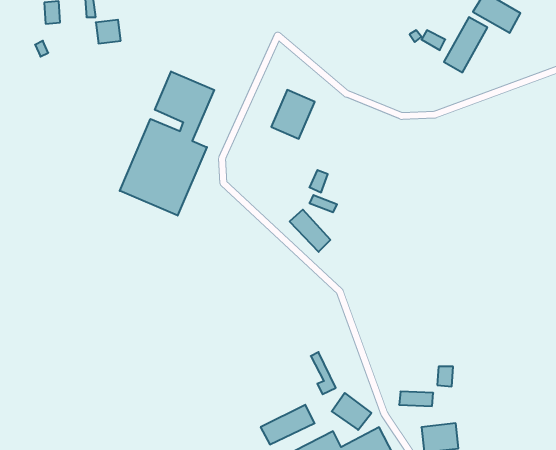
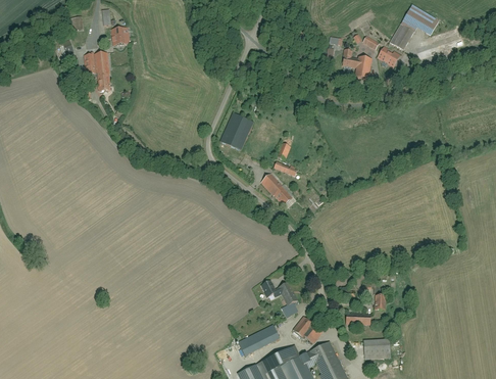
building: none -> [341,48,371,78]
building: none -> [84,51,110,91]
building: [120,71,214,216] -> none
building: [271,90,315,139] -> [218,112,252,150]

